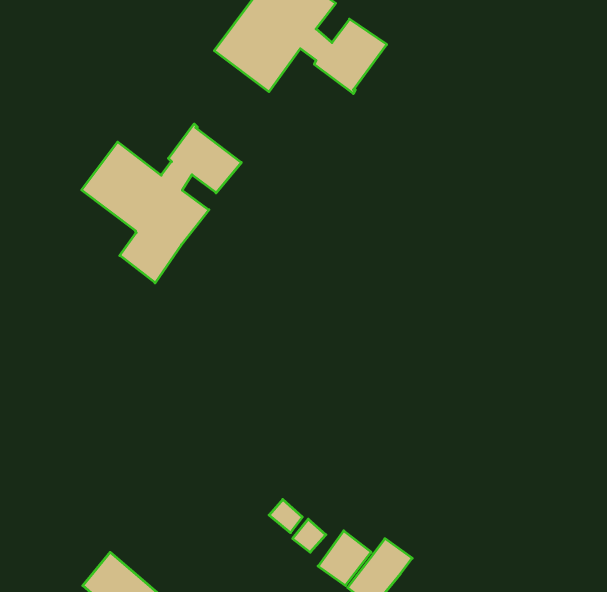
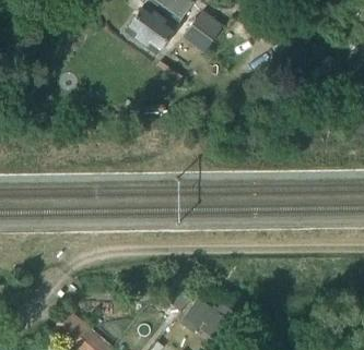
building: [82,124,241,283] -> none

